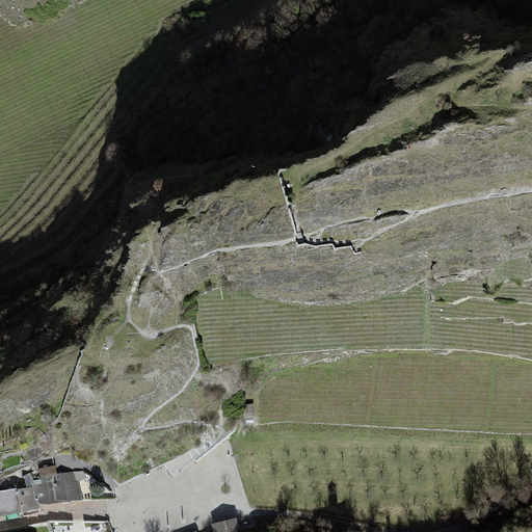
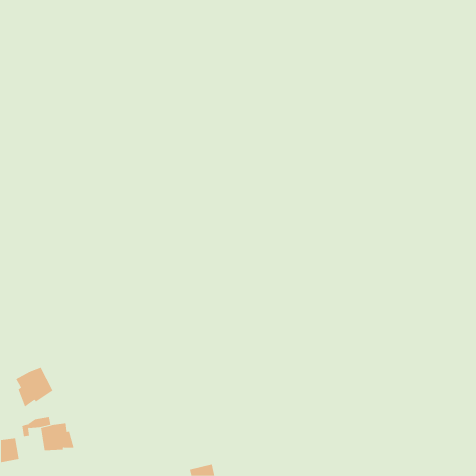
building: none -> [16,367,53,408]
building: [18,477,49,512] -> none

